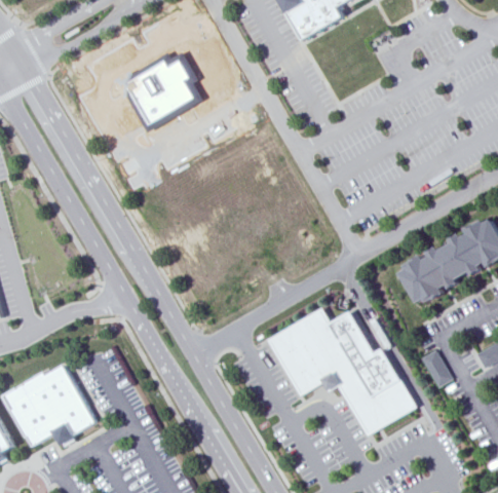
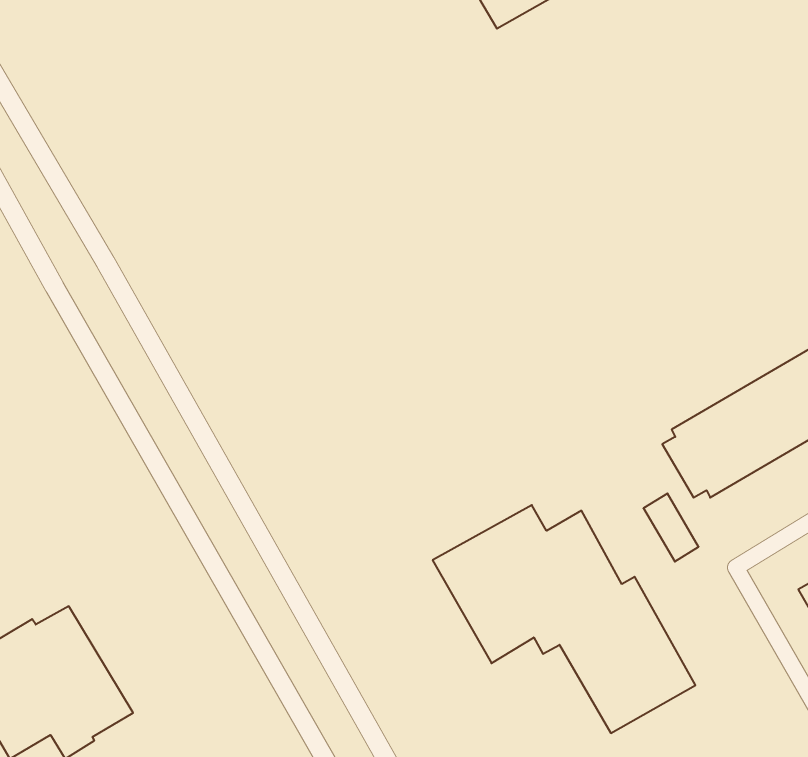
building: [110,56,194,126] -> none
building: [419,349,450,387] -> [643,493,699,562]

